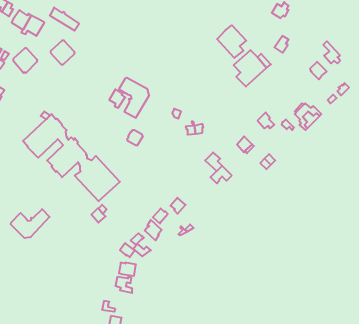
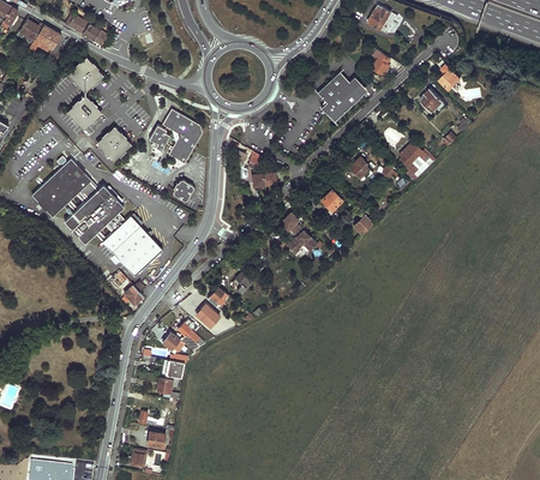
building: [217,25,246,58] -> none
building: [13,48,37,73] -> [68,96,101,130]
building: none -> [97,127,131,161]
building: [11,209,50,238] -> none

